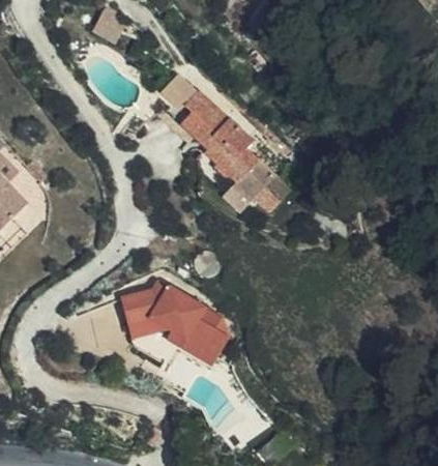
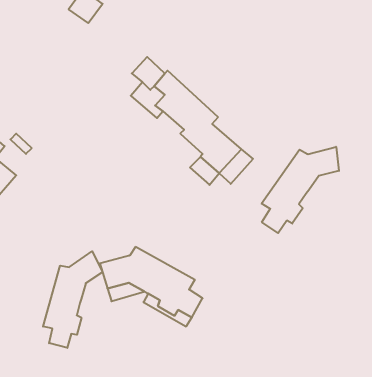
building: none -> [262,147,339,233]
building: none -> [43,251,102,348]

